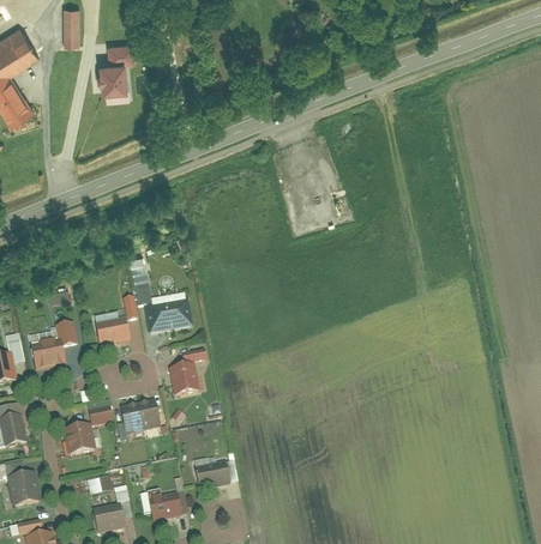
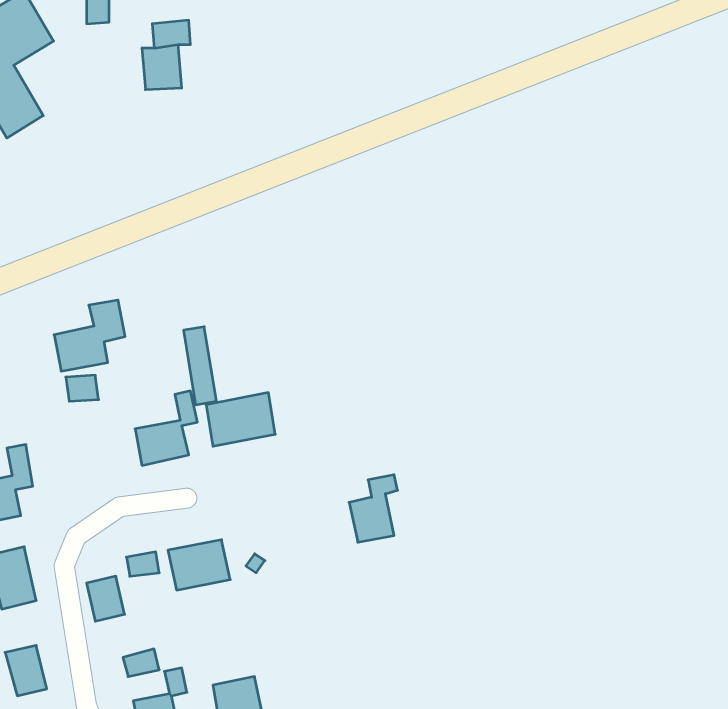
building: [31,321,80,370] -> [54,300,125,371]
building: [170,351,204,398] -> [349,475,398,542]
building: [196,461,230,490] -> none

